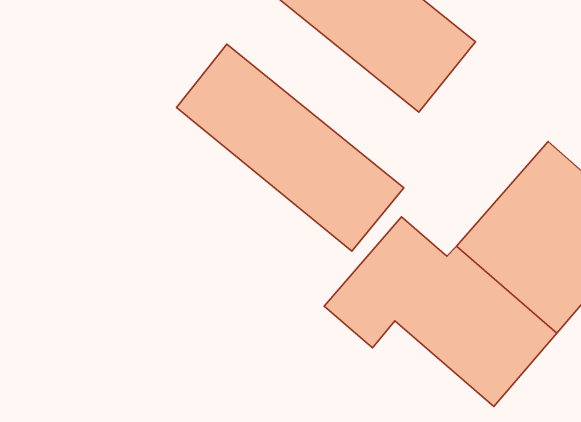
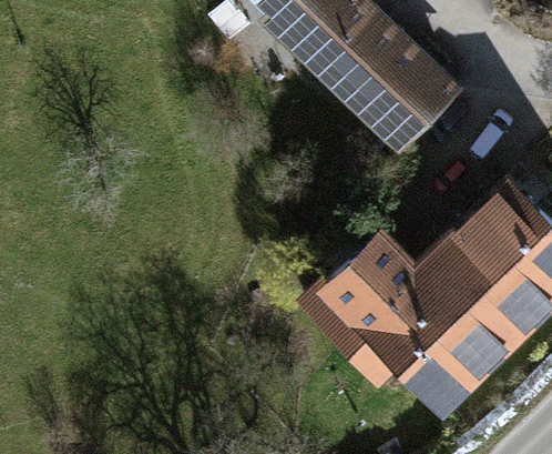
building: [176,44,404,251] -> none

